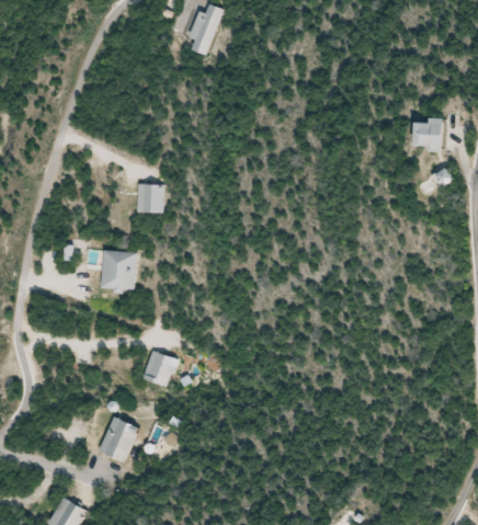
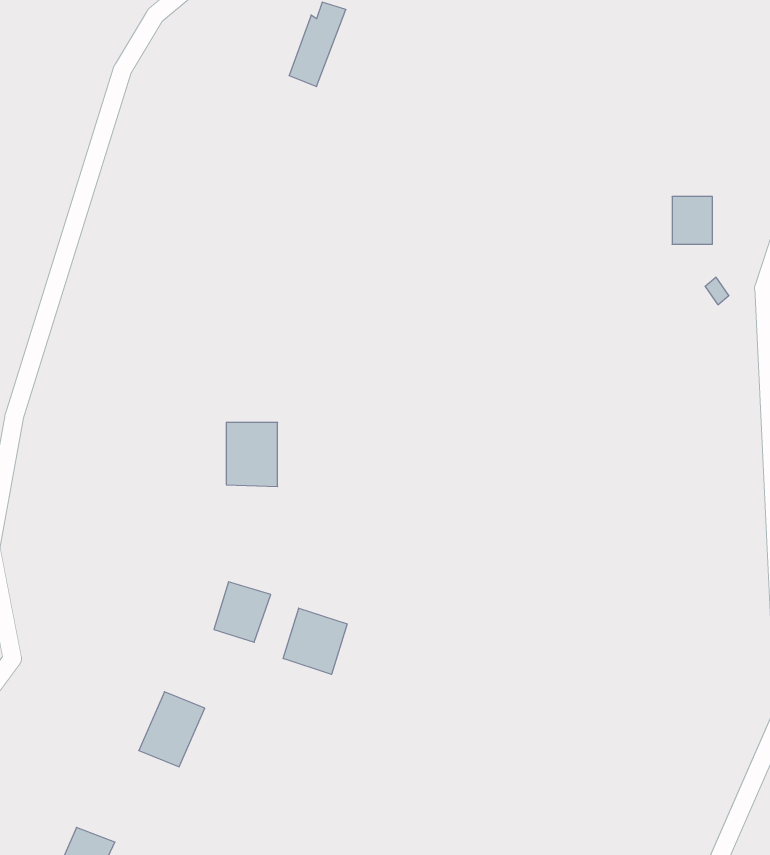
building: [138,184,161,213] -> none
building: [104,252,135,290] -> [226,422,278,487]
building: none -> [283,608,347,674]

